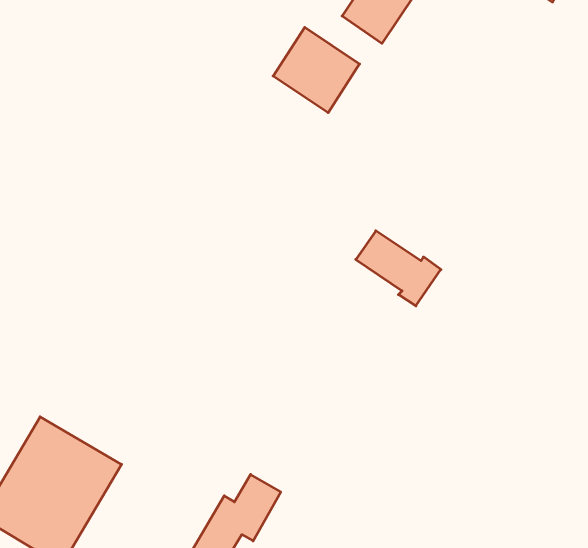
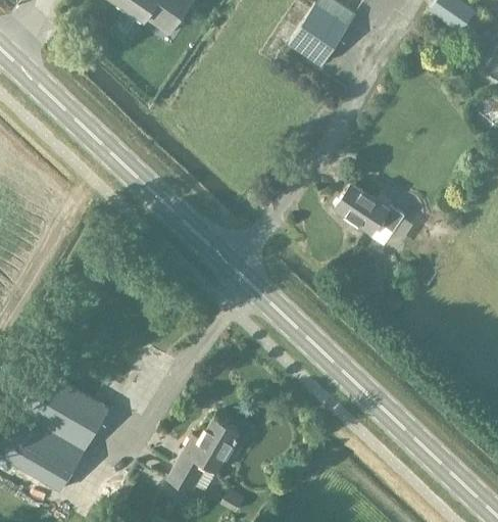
building: [273,27,360,113] -> none
building: [356,231,441,306] -> [336,184,405,245]

